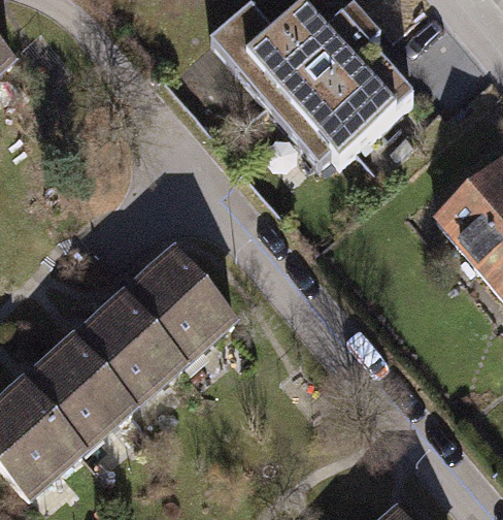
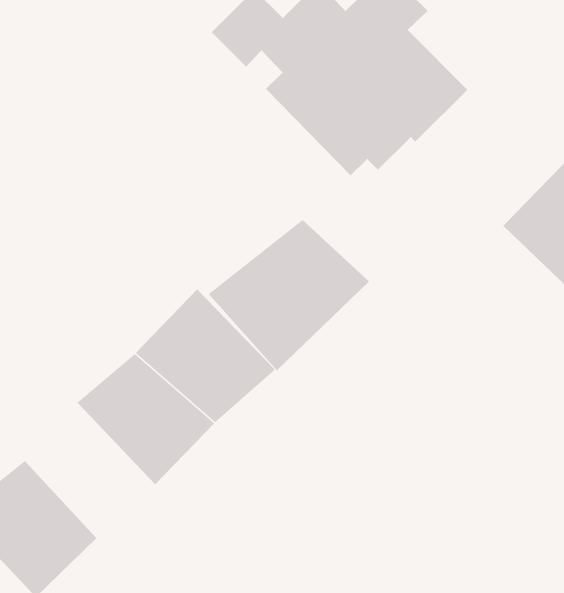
building: none -> [208,219,370,371]
building: [29,334,134,447] -> none

